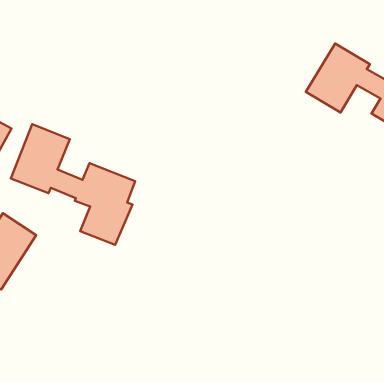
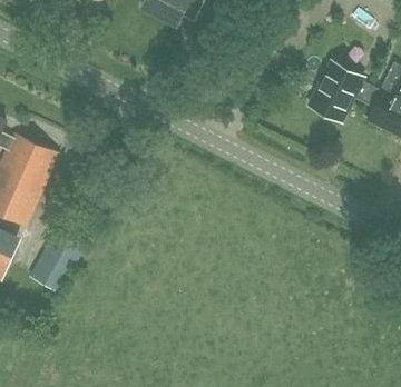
building: [11,124,135,245] -> none

